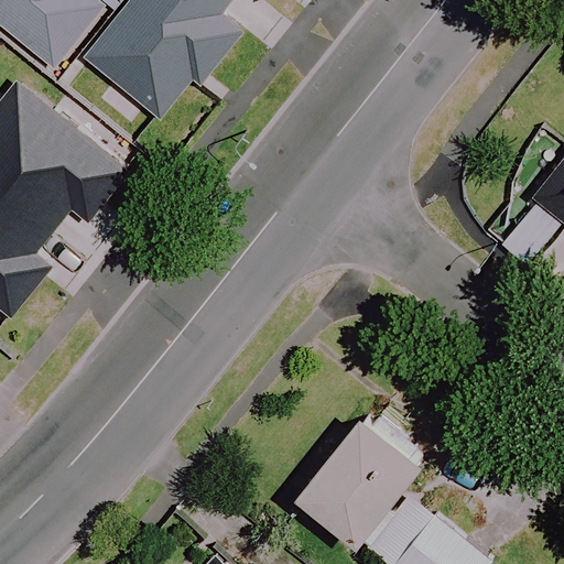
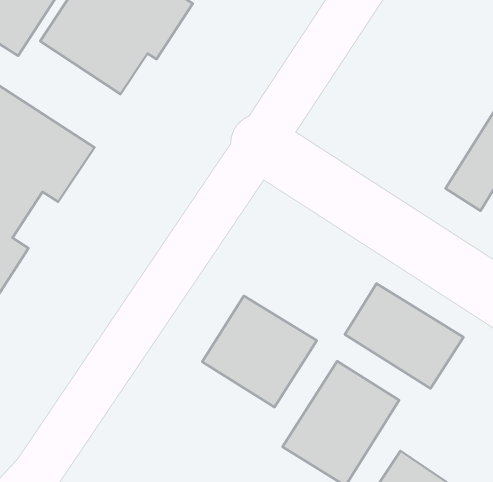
building: none -> [202,296,317,407]
building: none -> [345,284,463,388]

